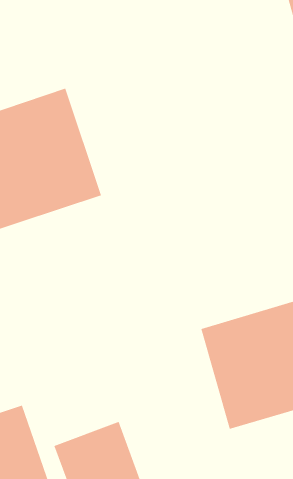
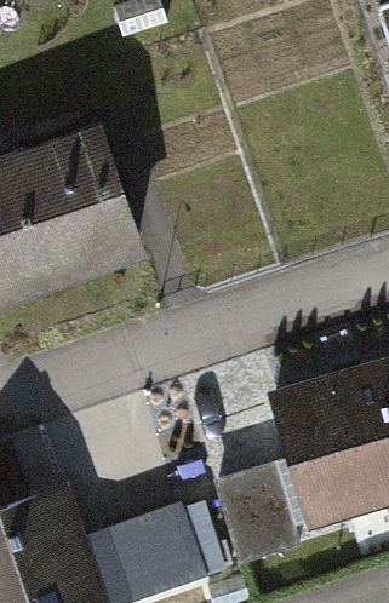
building: none -> [205,467,292,567]

